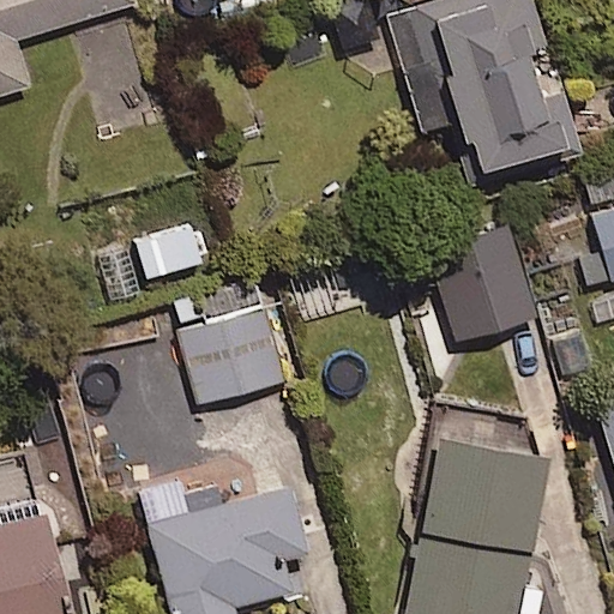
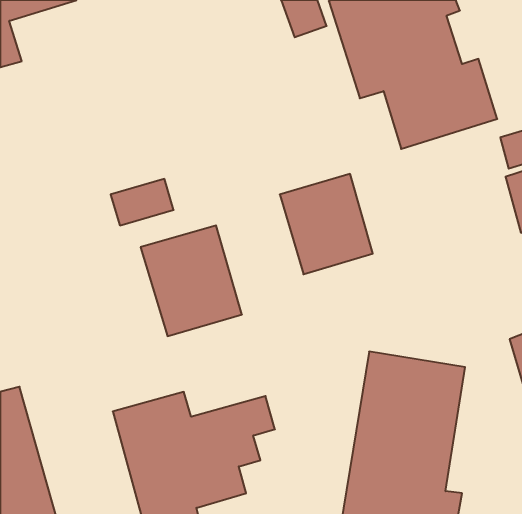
building: [429,224,537,341] -> [280,174,373,274]

